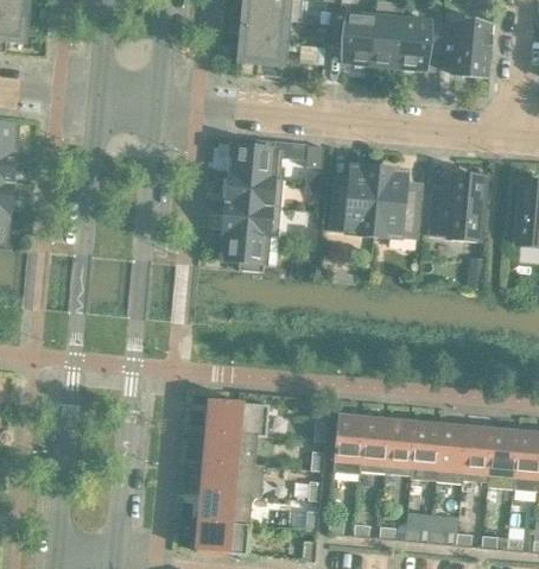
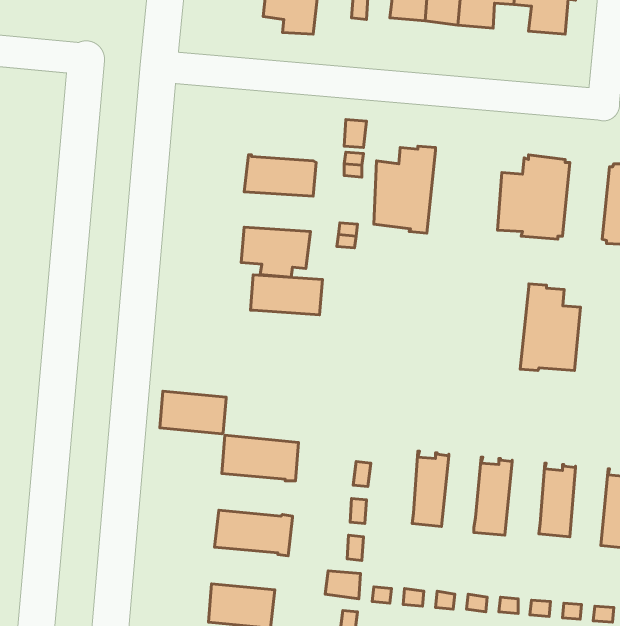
building: [229,138,281,177] -> none
building: [370,166,419,236] -> [520,284,580,371]
building: [221,202,279,234] -> [250,275,323,315]
building: [331,410,363,473] -> none
building: [382,413,414,473] -> none
building: [433,418,465,482] -> none
building: [484,423,516,487] -> none
building: [203,429,256,463] -> [160,391,226,434]
building: [197,488,251,523] -> none

